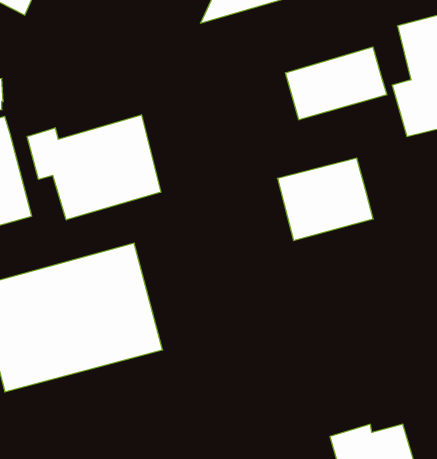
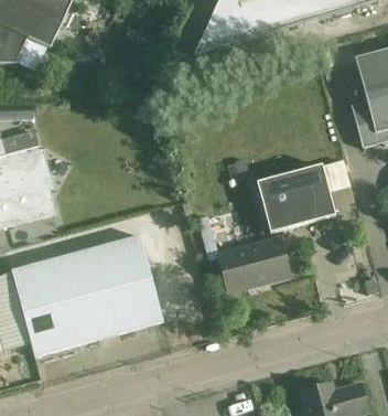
building: [285,47,387,120] -> none
building: [27,115,161,220] -> none
building: none -> [218,239,289,290]

